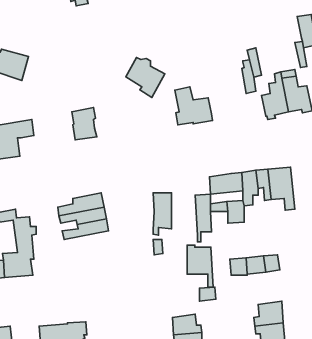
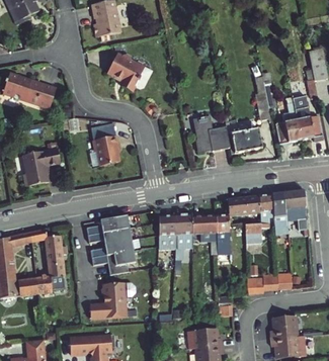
building: [126,57,165,98] -> [111,52,148,89]
building: none -> [226,122,261,152]
building: none -> [157,214,175,249]
building: none -> [91,250,135,274]
building: [187,245,213,287] -> [191,214,216,254]
building: none -> [88,282,134,319]

